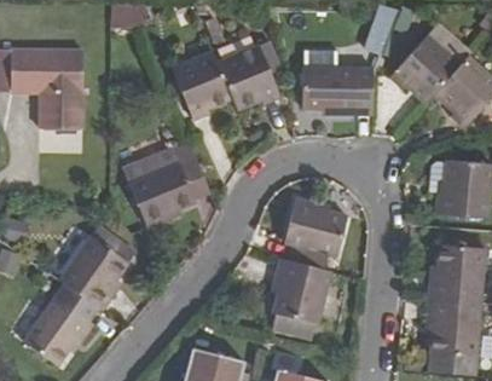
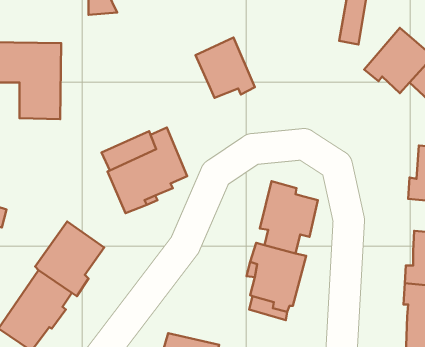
building: [170,52,233,121] -> none
building: [303,64,376,110] -> none

